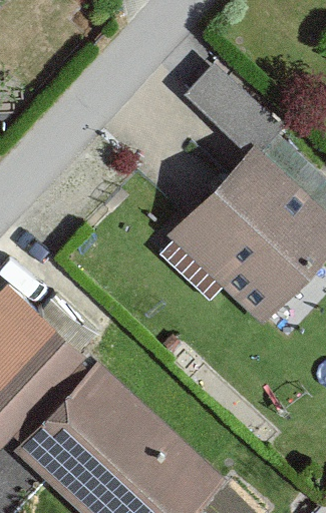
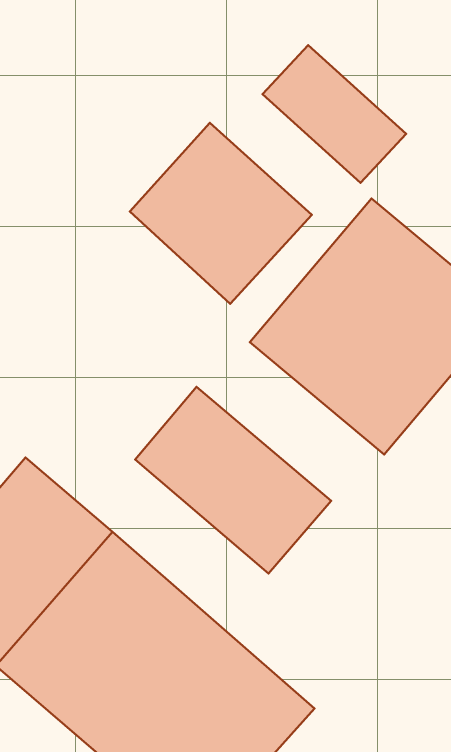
building: none -> [130,123,312,304]
building: none -> [135,387,331,573]

